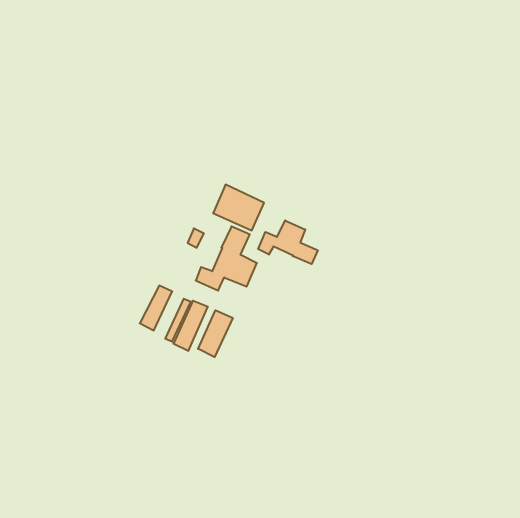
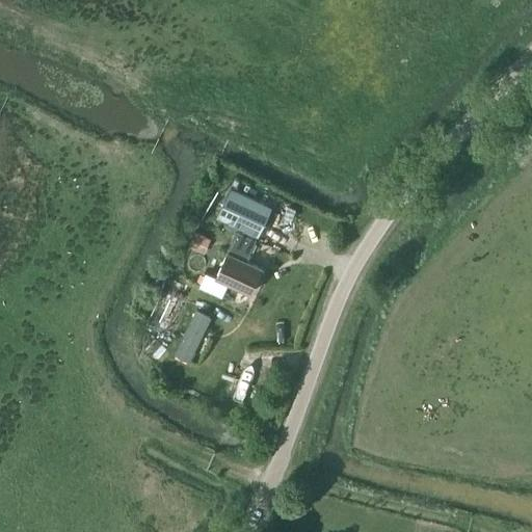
building: [258,220,318,264] -> none
building: [198,310,233,357] -> none

